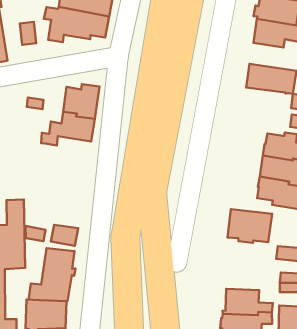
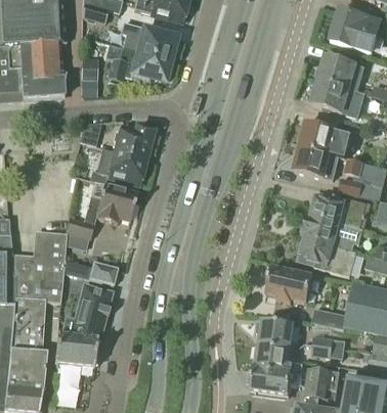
building: none -> [294,146,339,178]
building: none -> [65,180,137,238]
building: none -> [255,319,294,350]

